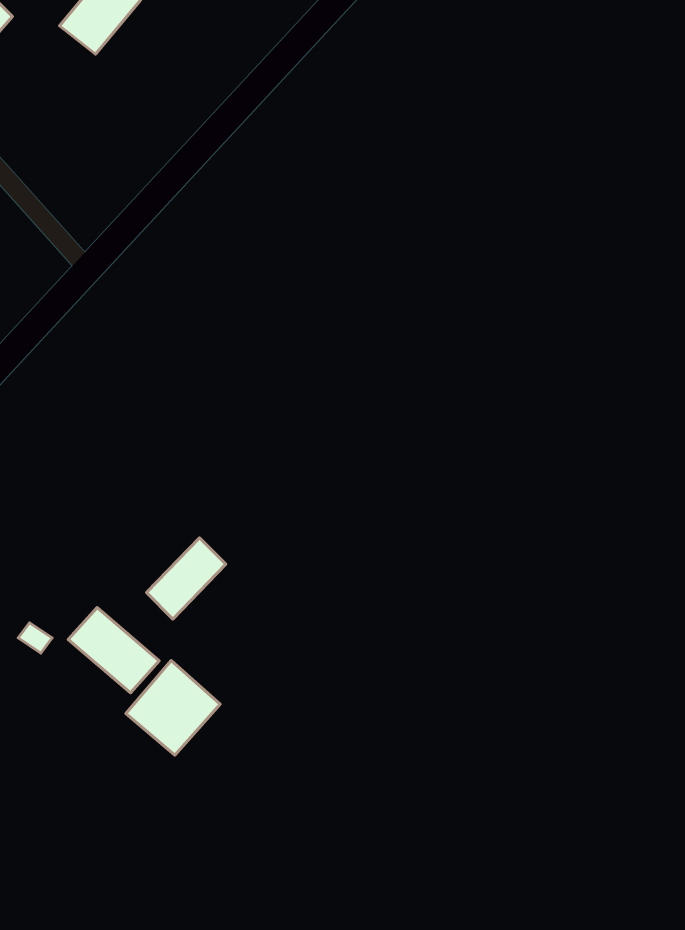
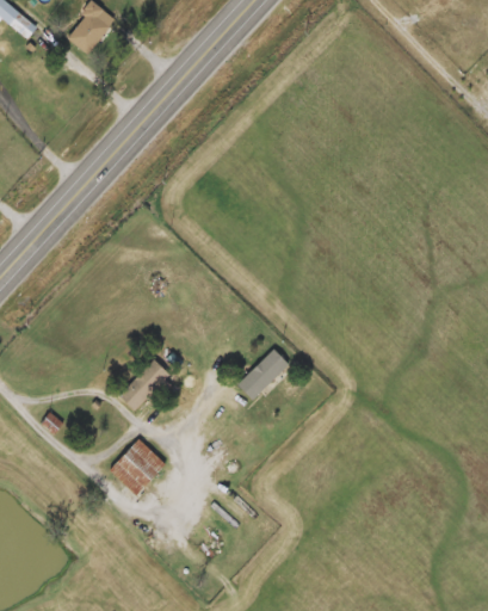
building: none -> [237,347,291,401]
building: [68,608,159,693] -> none

